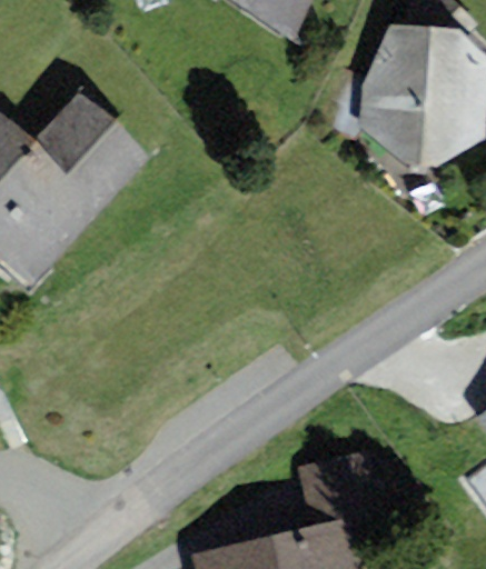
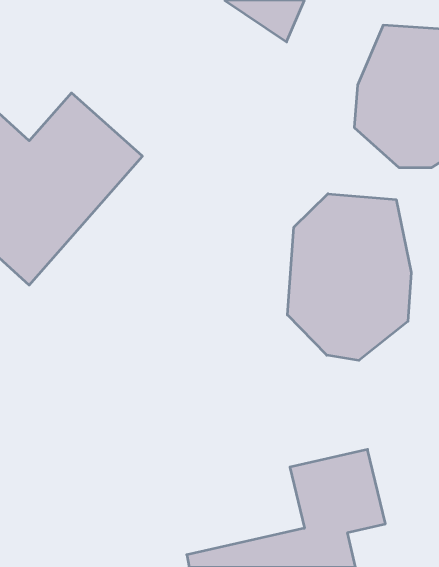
building: none -> [287,194,411,360]

